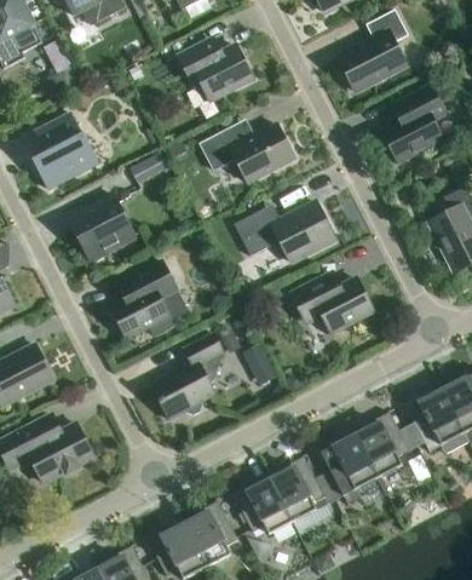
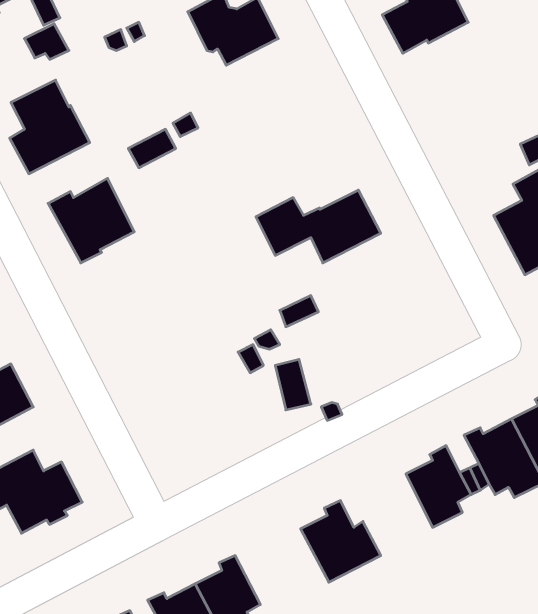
building: [379,85,445,165] -> none
building: [200,124,294,183] -> none
building: [110,262,188,338] -> none
building: [289,271,373,333] -> none
building: [150,333,223,419] -> none
building: [317,433,378,504] -> none
building: [231,478,293,534] -> none

